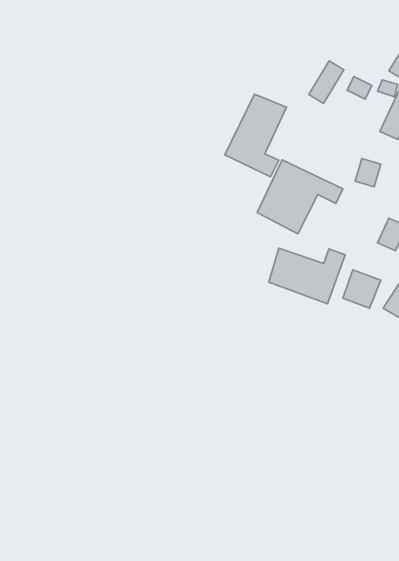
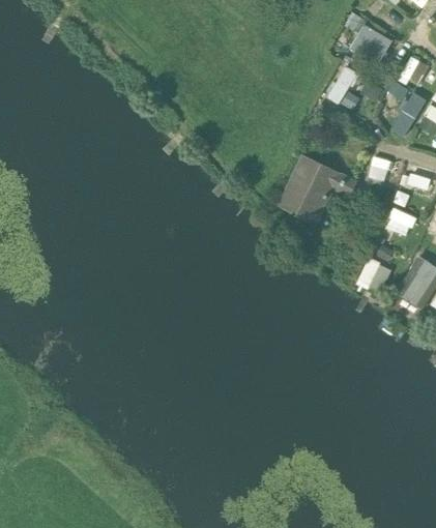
building: none -> [349,23,393,64]
building: [225,94,286,177] -> none
building: [269,248,345,304] -> none

